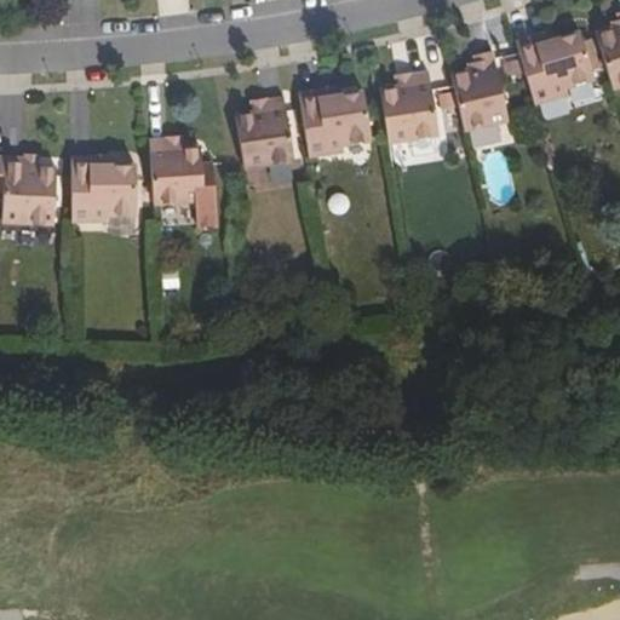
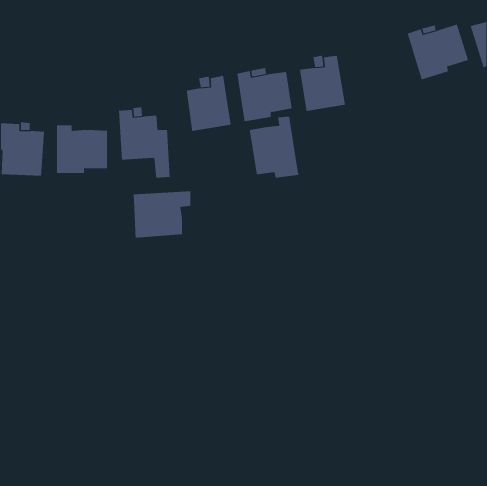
building: [452,50,509,130] -> none
building: none -> [249,116,299,179]
building: none -> [133,190,191,238]

